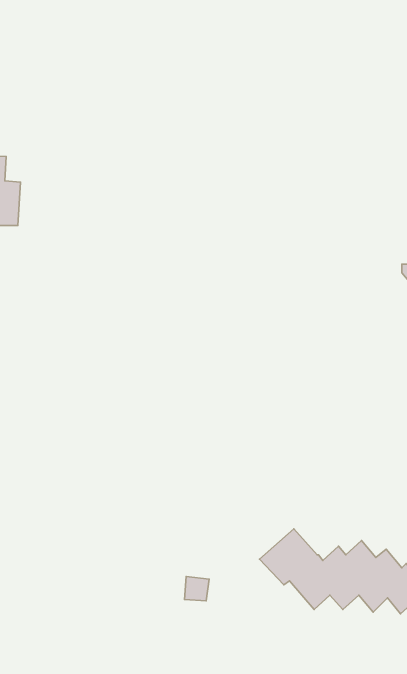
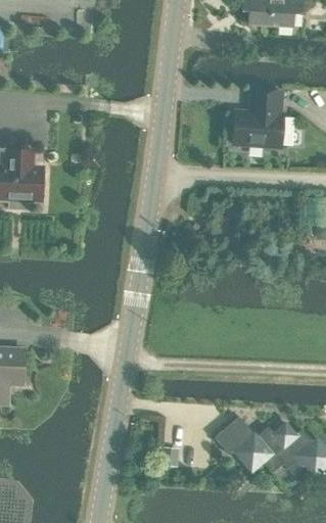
building: none -> [233,89,283,147]

